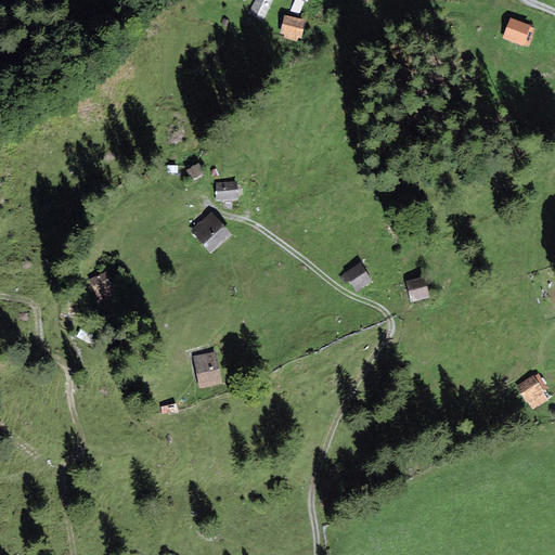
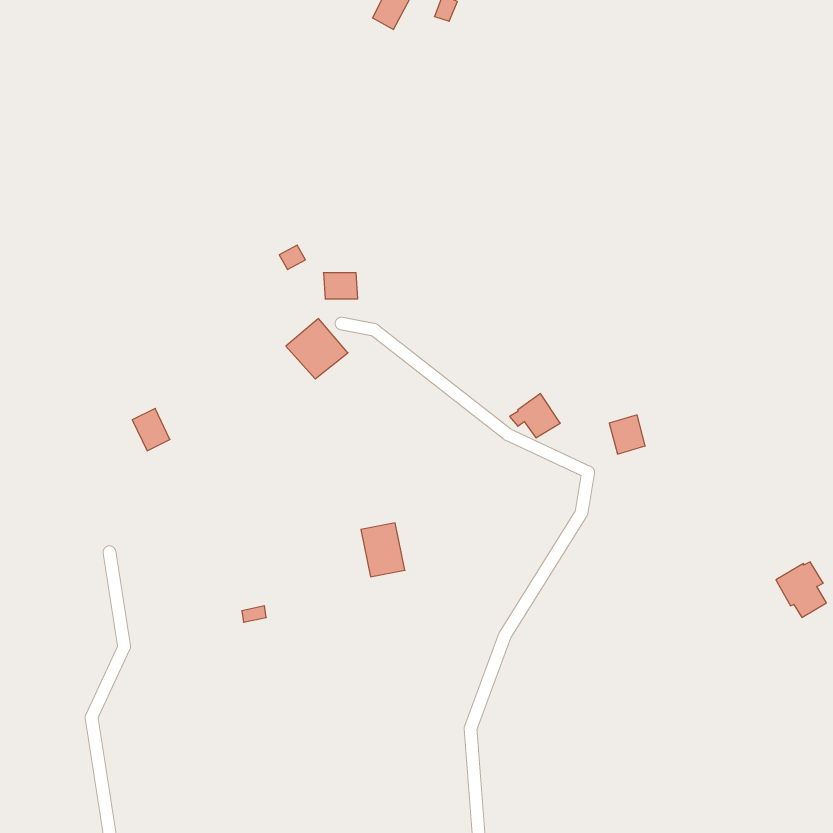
building: [280,14,305,40] -> none
building: [502,15,534,43] -> none
building: [192,351,221,387] -> [361,523,405,577]

